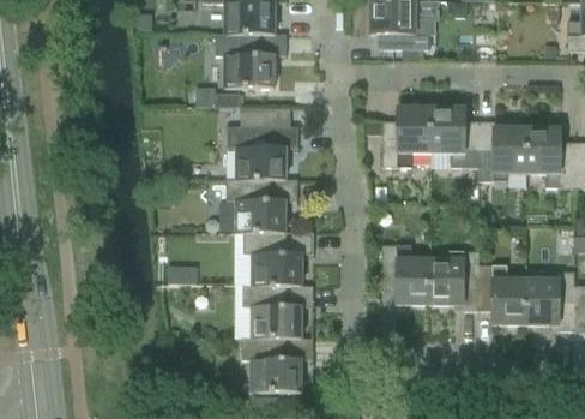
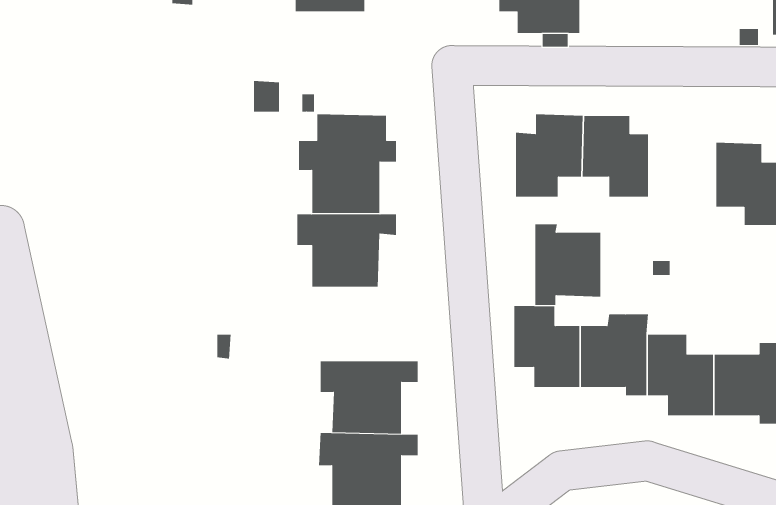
building: [216,34,287,88] -> none
building: [478,121,526,180] -> [535,224,601,306]
building: [242,232,313,285] -> none

